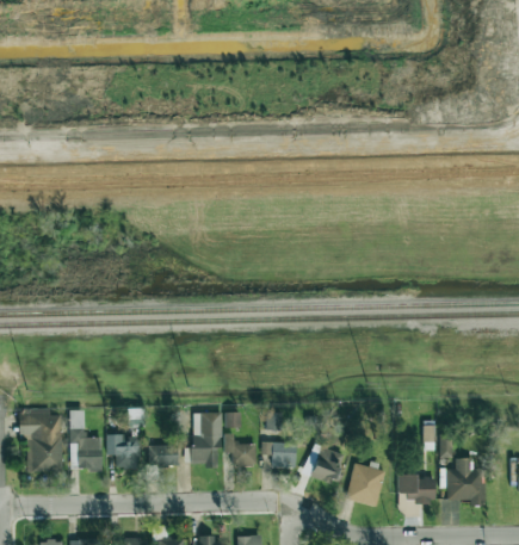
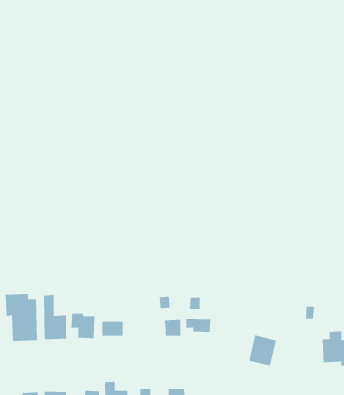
building: [184,413,222,465] -> none
building: [303,444,344,484] -> none
building: [398,476,434,503] -> none

